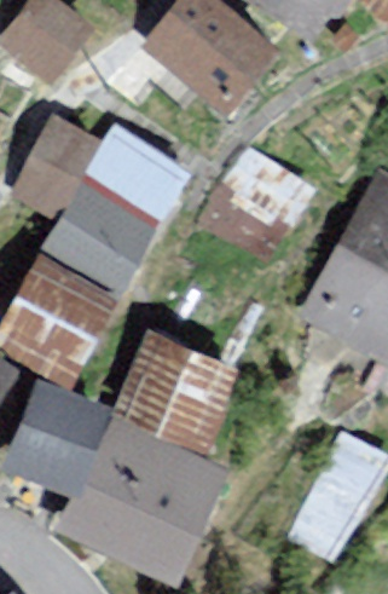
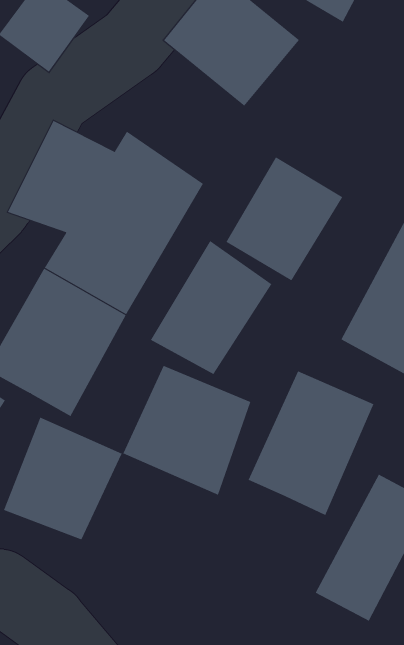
building: none -> [150,240,272,375]
building: none -> [248,371,374,516]
building: [65,415,218,573] -> none

